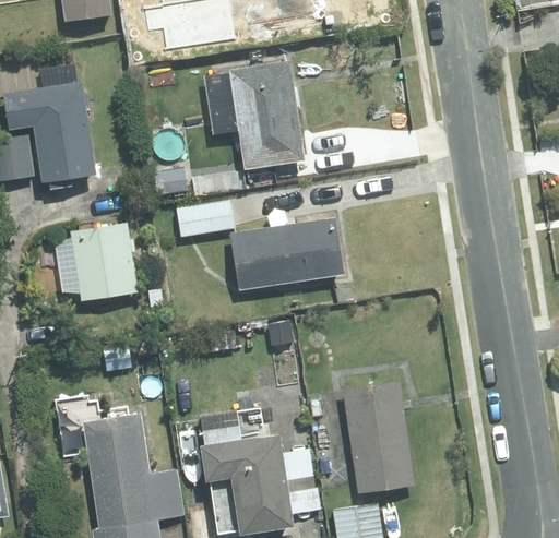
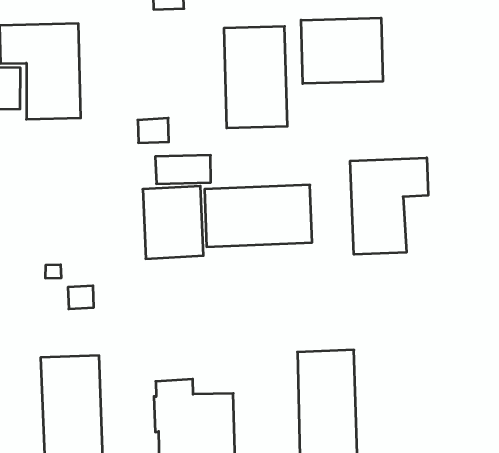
building: none -> [301,18,383,84]
building: none -> [350,158,428,254]
building: [70,222,139,301] -> [143,186,203,259]

